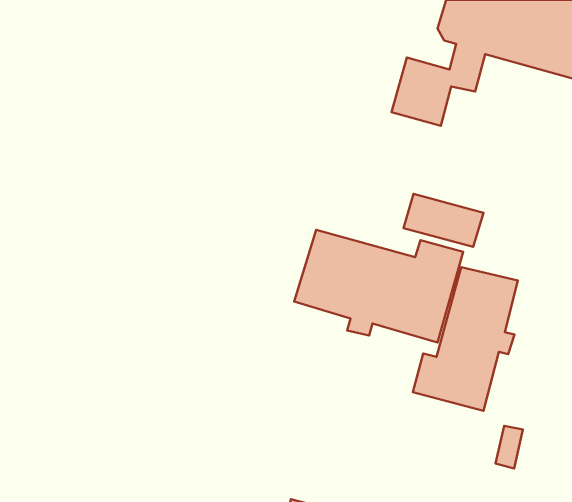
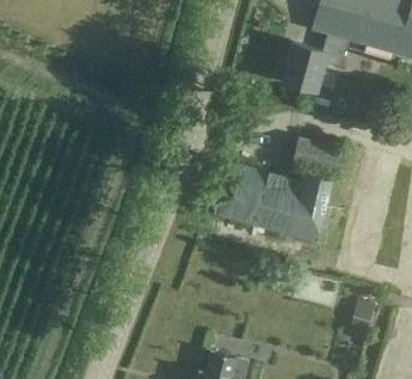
building: [413,267,518,411] -> none

